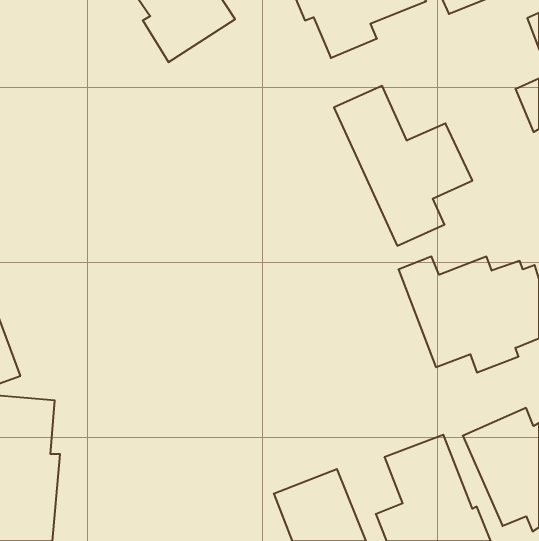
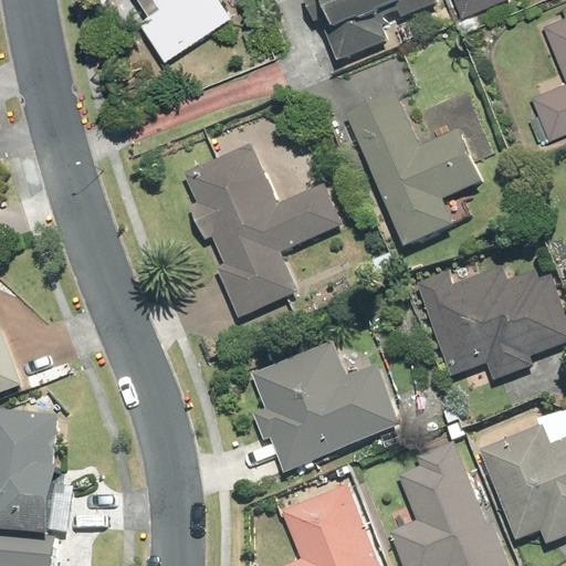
building: none -> [186,134,340,319]
building: none -> [247,337,402,475]

